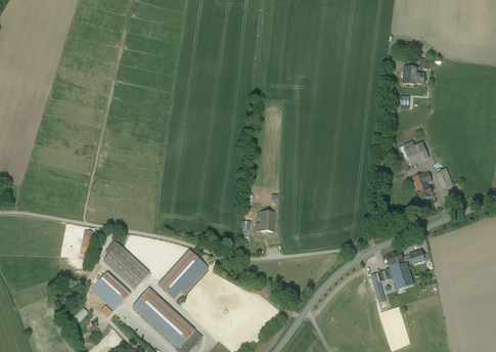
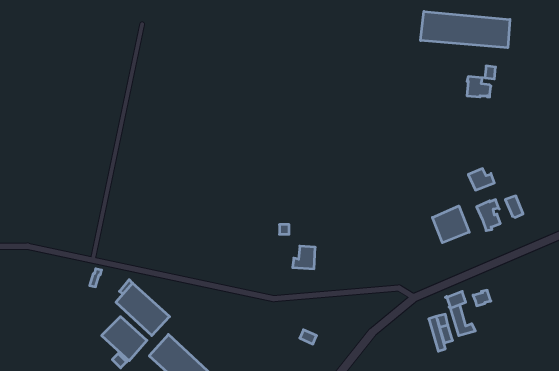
building: none -> [421,11,510,48]
building: none -> [432,206,469,243]
building: [157,250,208,299] -> none

